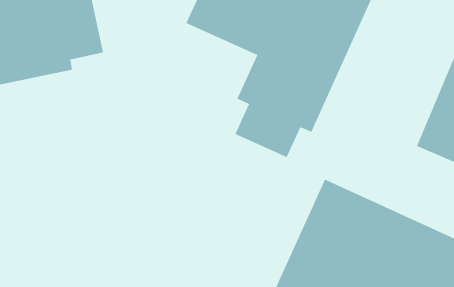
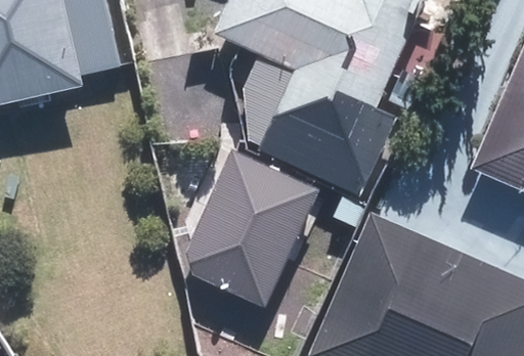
building: none -> [186,147,320,307]

